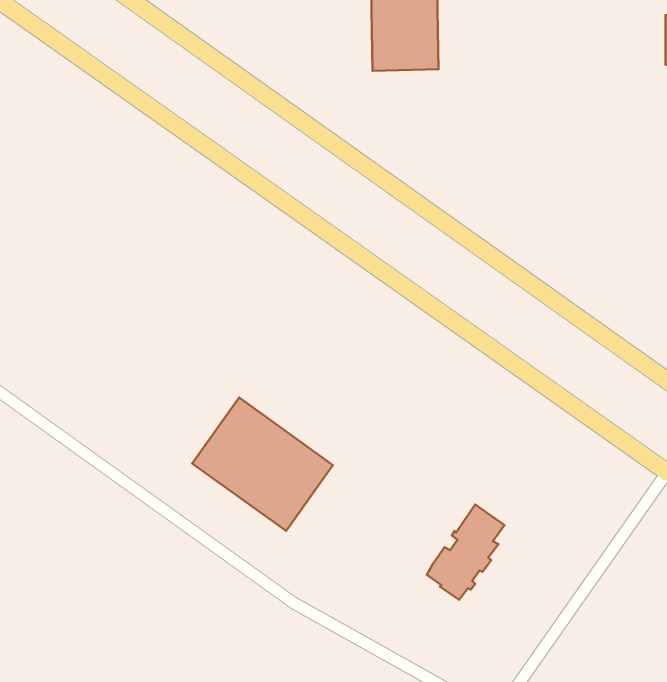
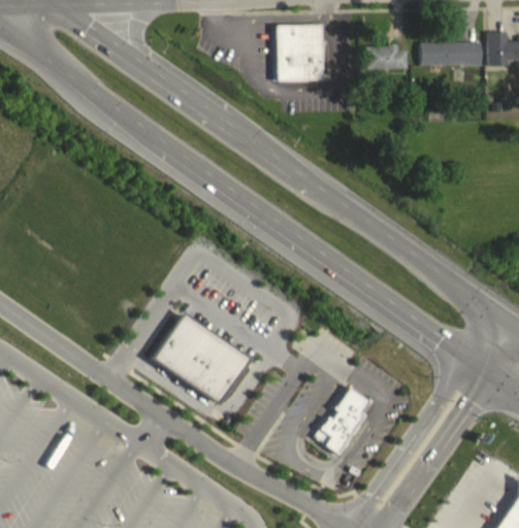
building: none -> [418,48,480,72]
building: none -> [364,52,406,76]

